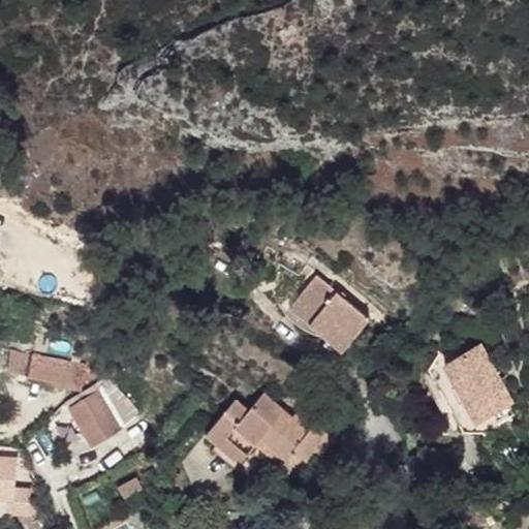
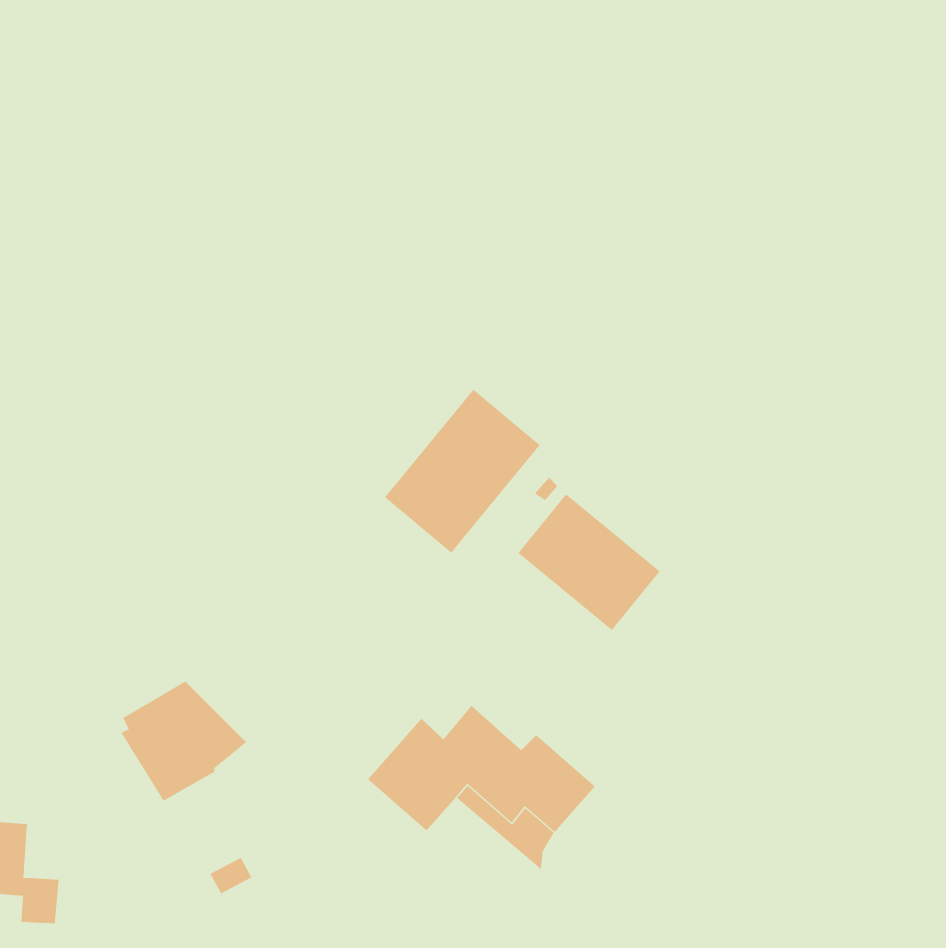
building: none -> [384,389,541,553]
building: [430,345,520,437] -> none
building: [6,351,85,388] -> none

